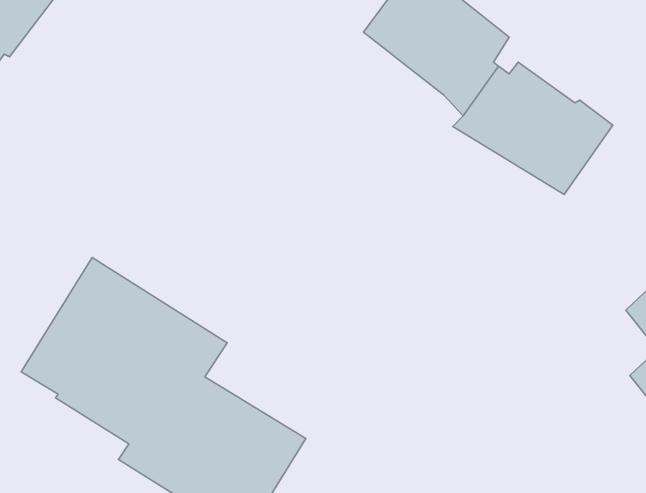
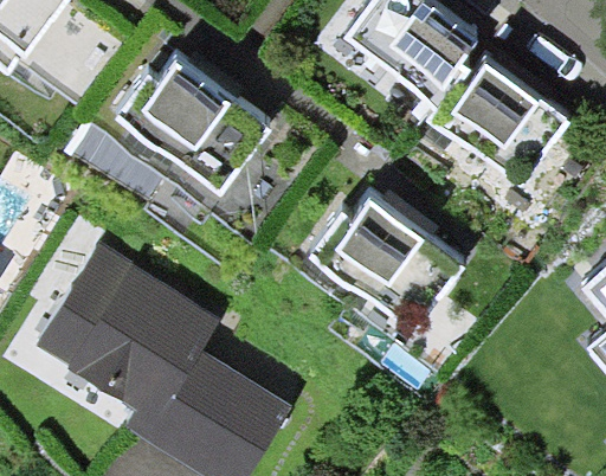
building: none -> [115,62,270,195]
building: none -> [308,198,464,332]

